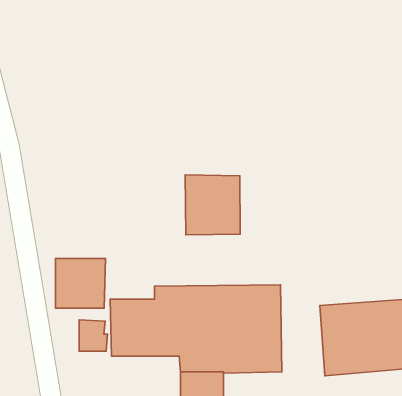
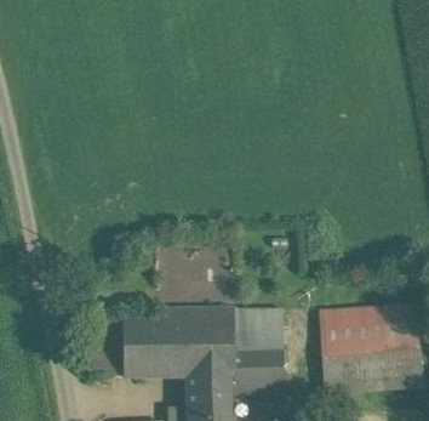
building: [185,175,240,235] -> none
building: [55,258,105,308] -> none

